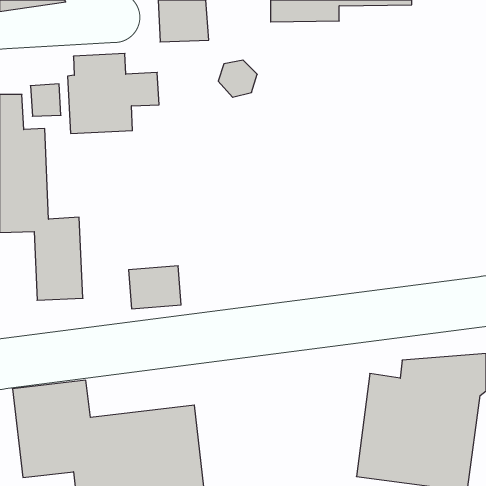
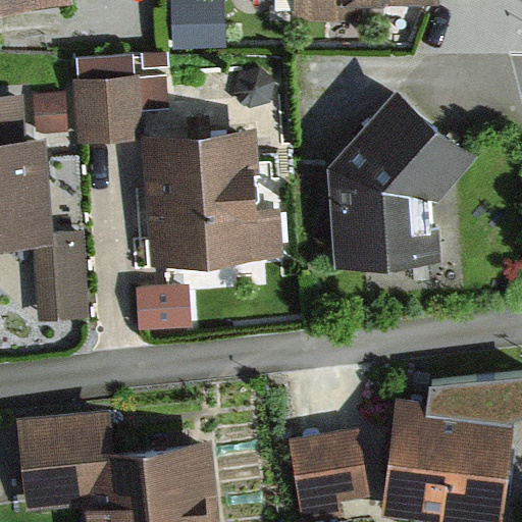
building: none -> [329,95,472,269]
building: none -> [146,132,282,270]
building: none -> [288,428,373,507]

